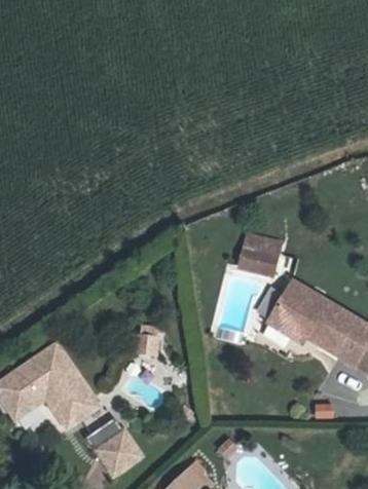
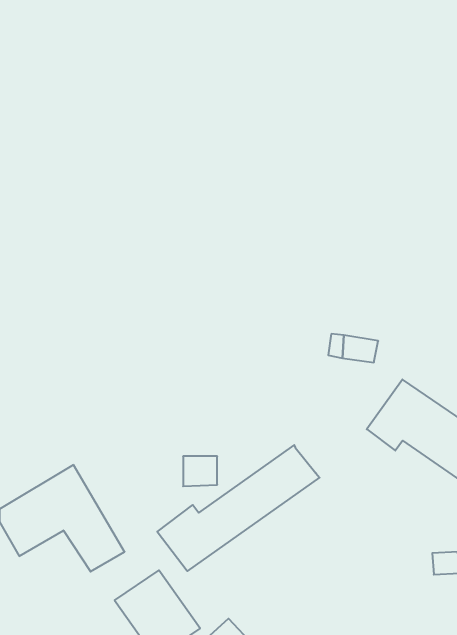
building: none -> [157,445,320,571]

